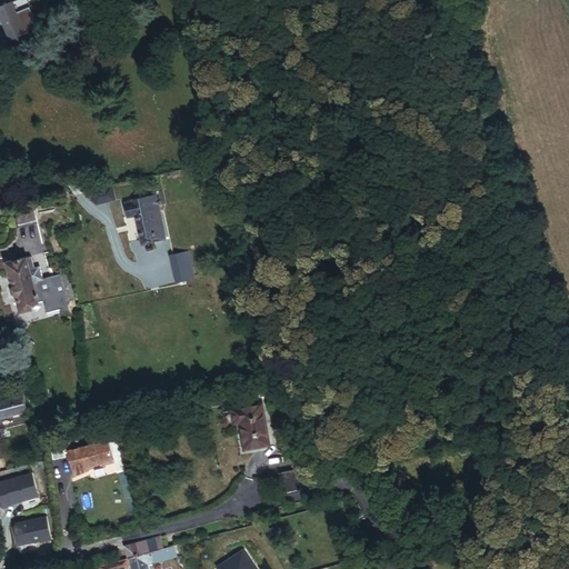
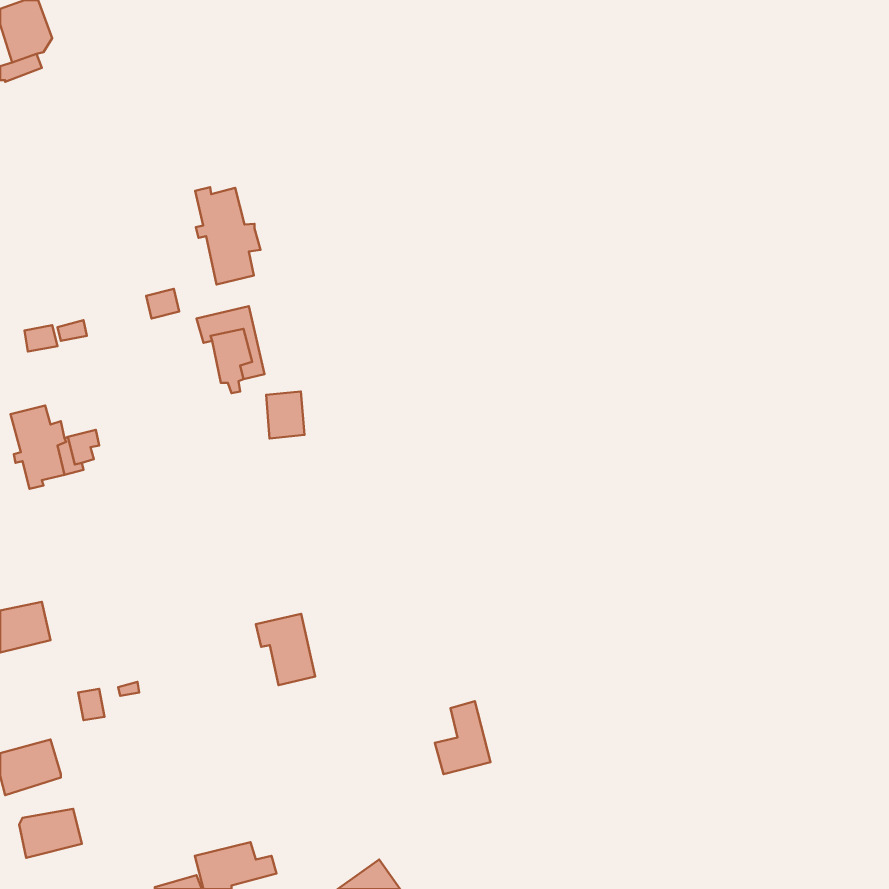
building: none -> [195,187,260,284]
building: [227,407,264,452] -> [256,614,315,685]
building: [69,441,116,473] -> none

